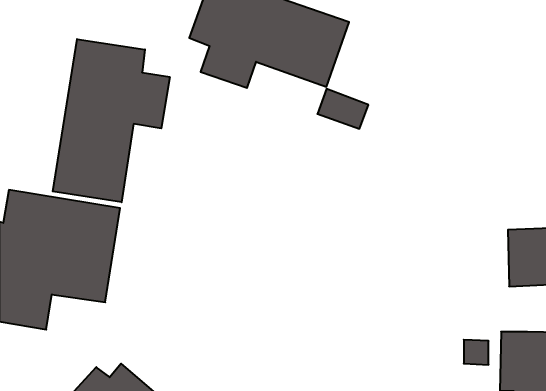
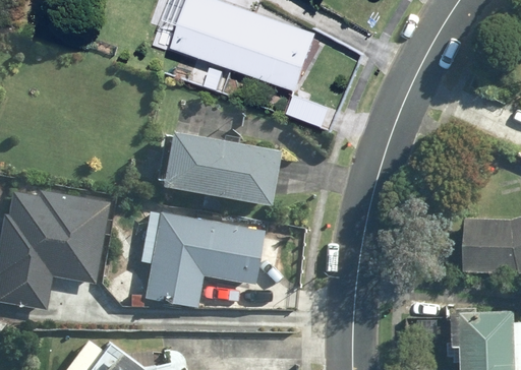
building: [53,39,170,202] -> none
building: none -> [153,105,277,204]
building: none -> [142,211,262,308]

